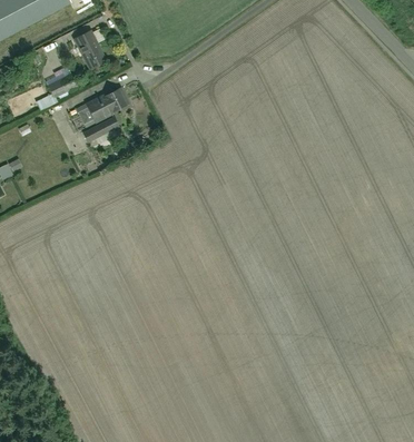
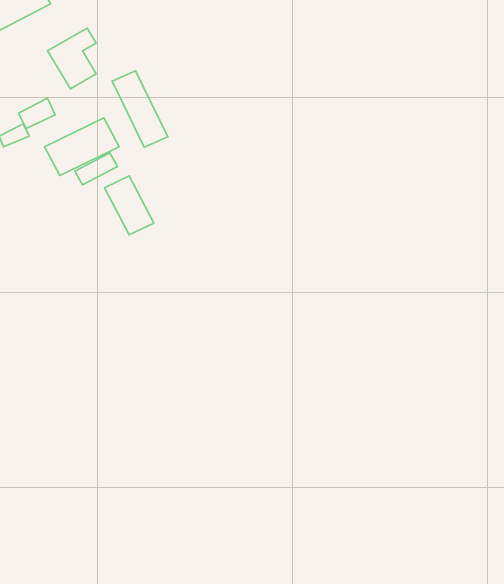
building: none -> [112,71,168,147]
building: none -> [104,176,154,235]

